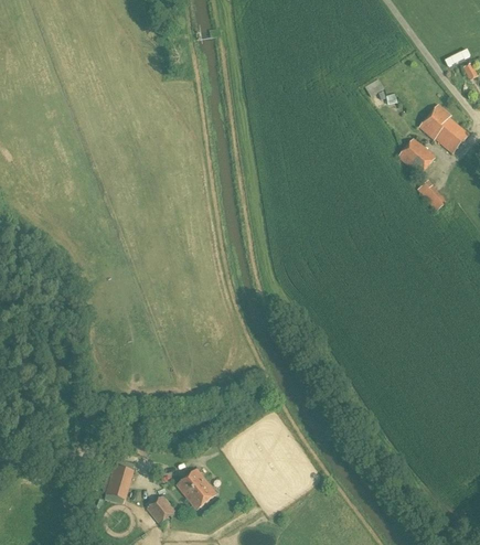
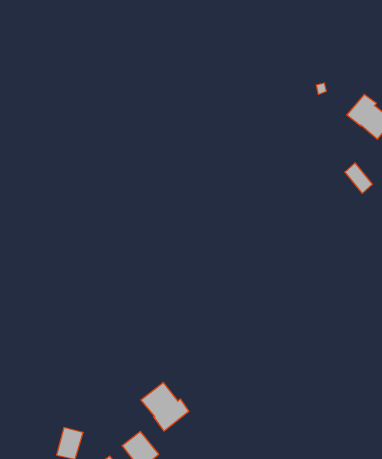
building: [397,138,435,175] -> none
building: none -> [141,382,189,431]

